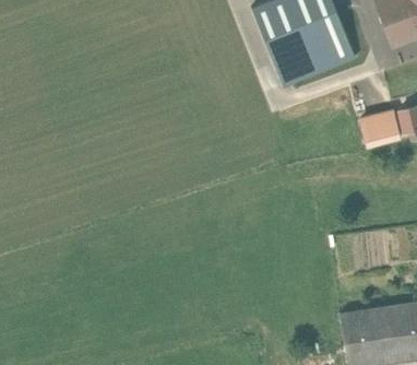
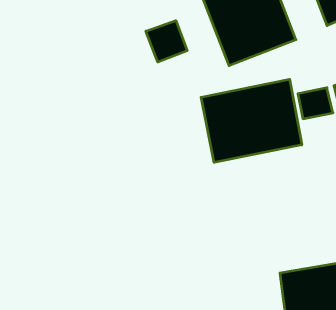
building: none -> [146,21,187,62]
building: none -> [201,79,302,162]

